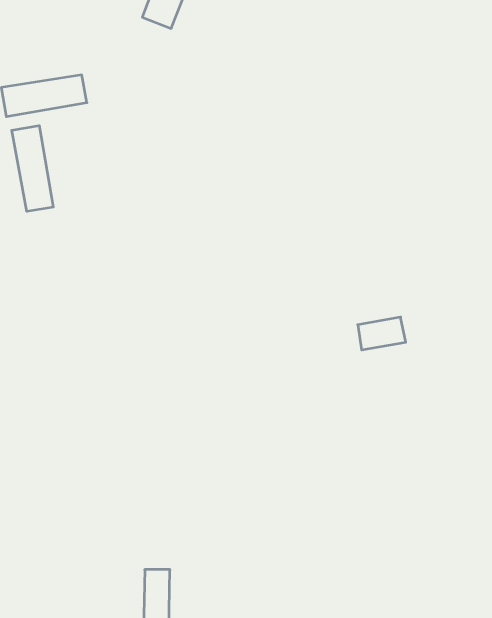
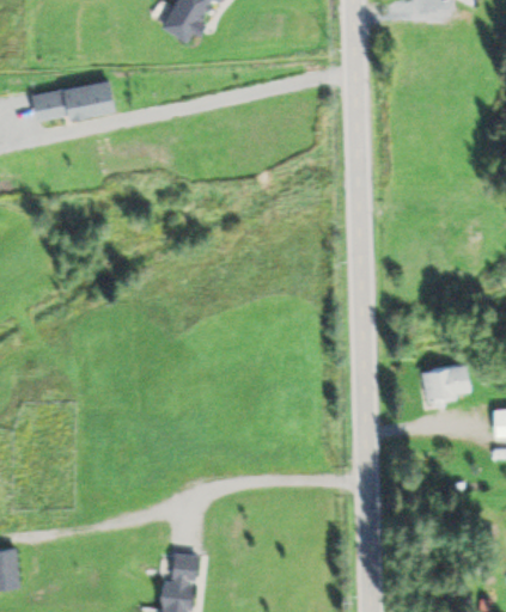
building: [12,126,53,211] -> none
building: [358,317,406,350] -> [425,366,470,397]

